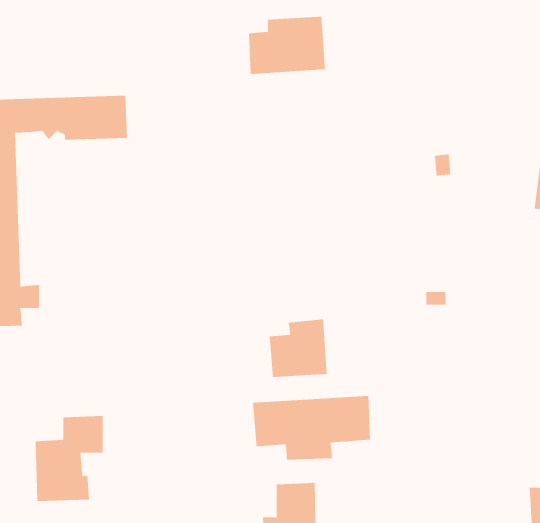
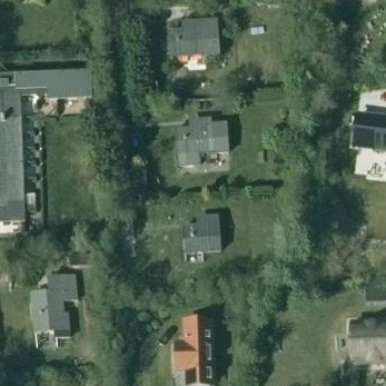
building: none -> [176,116,229,162]
building: [253,395,371,461] -> none

